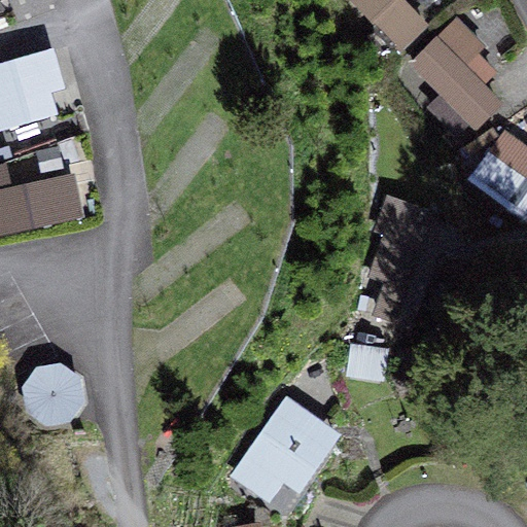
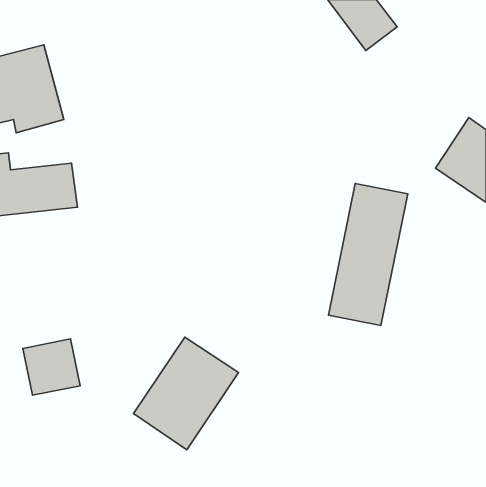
building: [407,21,513,135] -> none
building: [230,395,343,517] -> [133,337,238,450]

